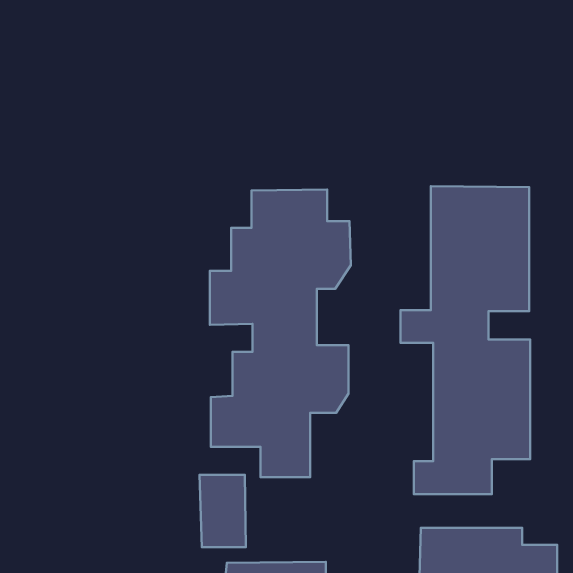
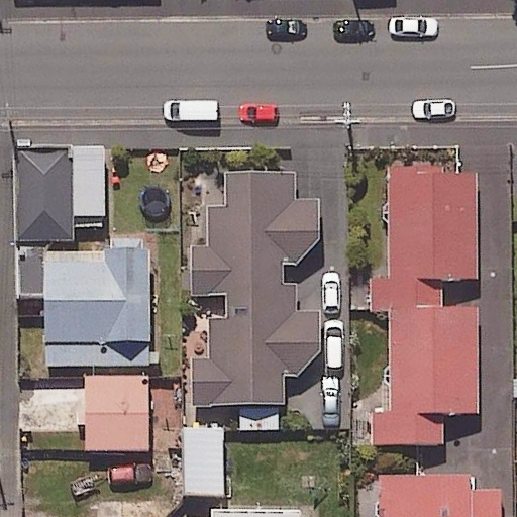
building: none -> [18,150,105,239]
building: none -> [18,236,151,366]
building: none -> [38,376,148,451]

